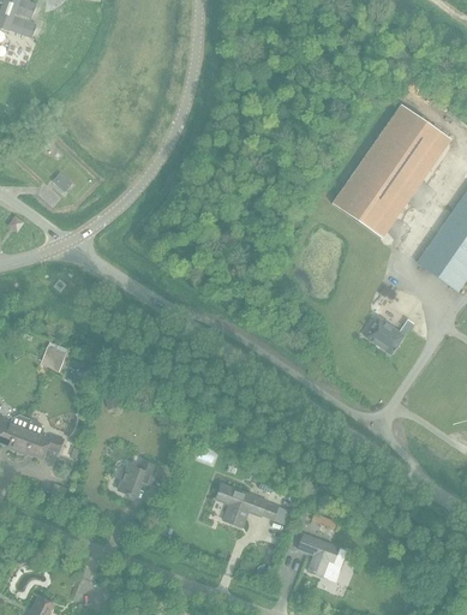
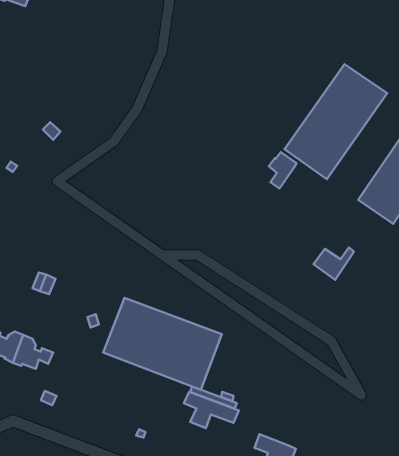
building: none -> [269,152,297,188]
building: none -> [103,298,222,390]
building: [118,461,155,496] -> none

